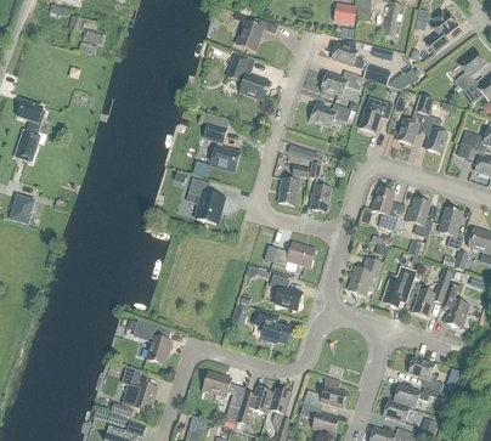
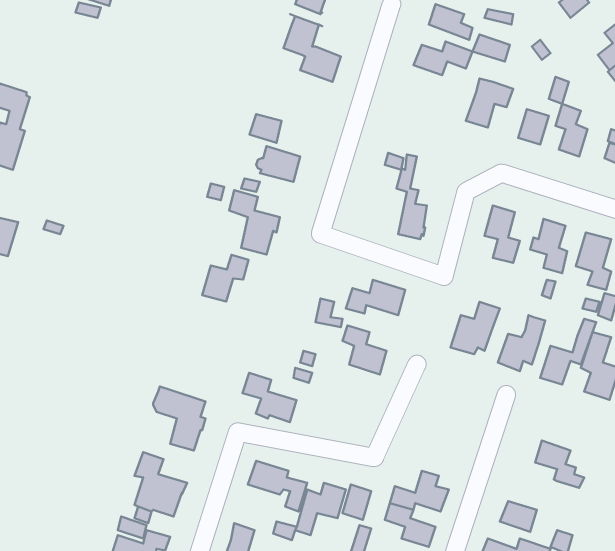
building: [310,103,350,126] -> none
building: [277,166,309,205] -> none
building: none -> [202,255,249,302]
building: [252,309,290,344] -> [242,373,297,422]
building: [394,385,440,407] -> none

